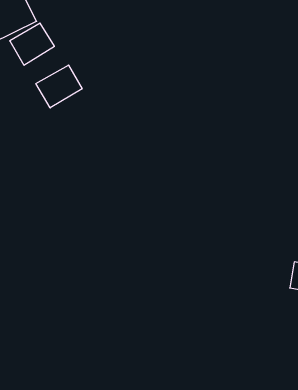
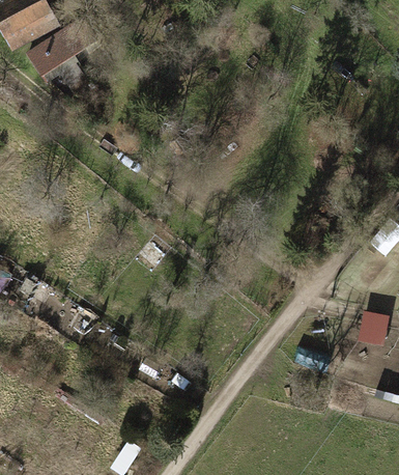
building: [36,65,82,108] -> none

